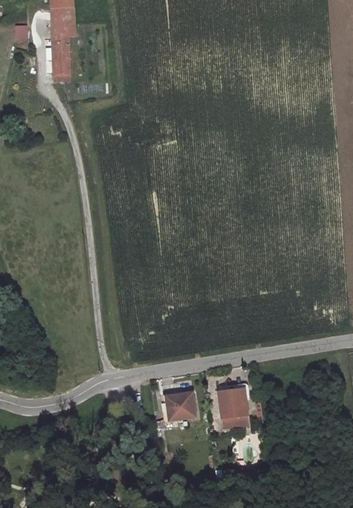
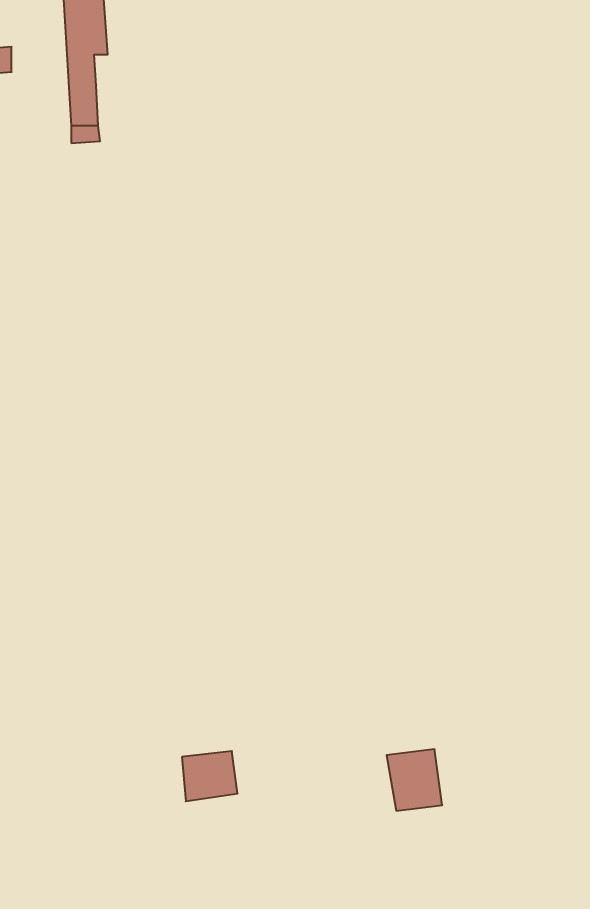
building: [167,396,196,422] -> [182,751,238,801]

